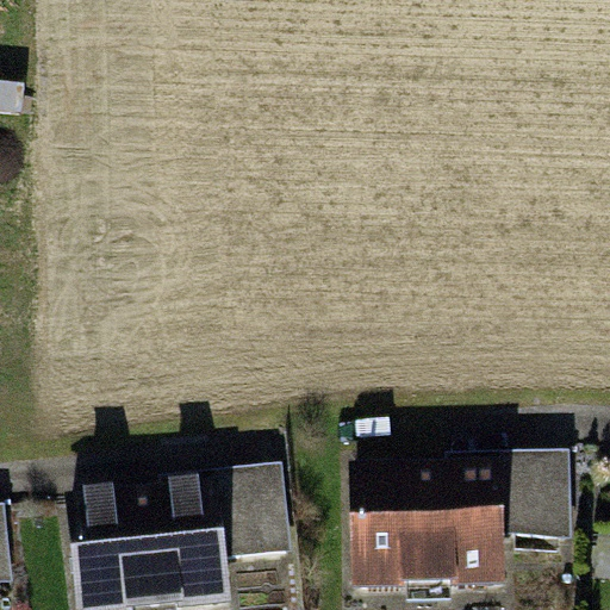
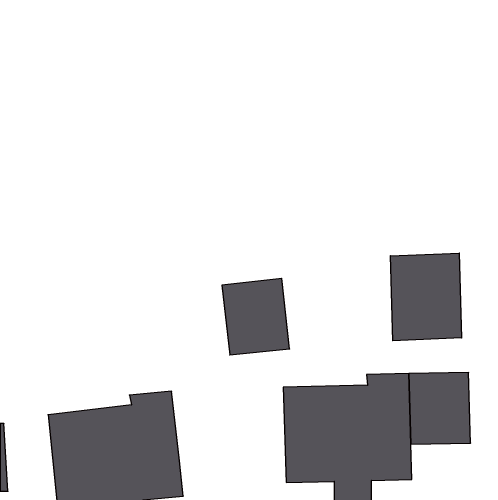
building: none -> [390,253,462,341]
building: [212,468,294,561] -> [222,278,290,355]

